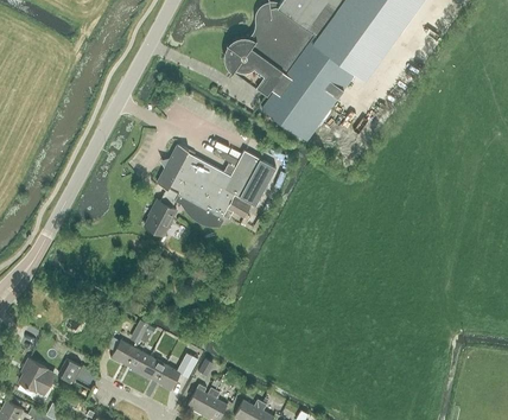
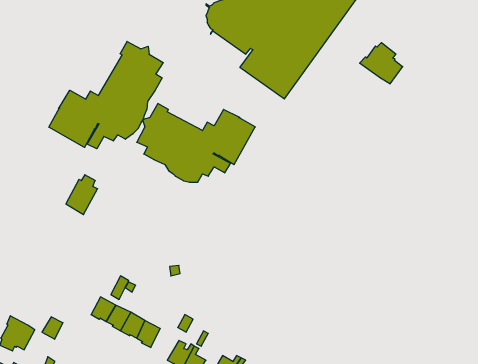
building: none -> [49,41,163,149]
building: none -> [360,43,403,84]
building: [145,197,177,237] -> [66,175,98,215]

